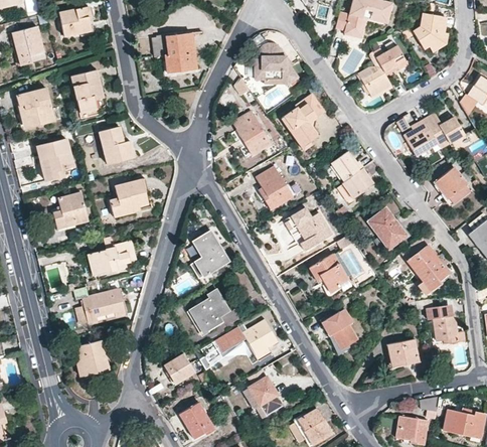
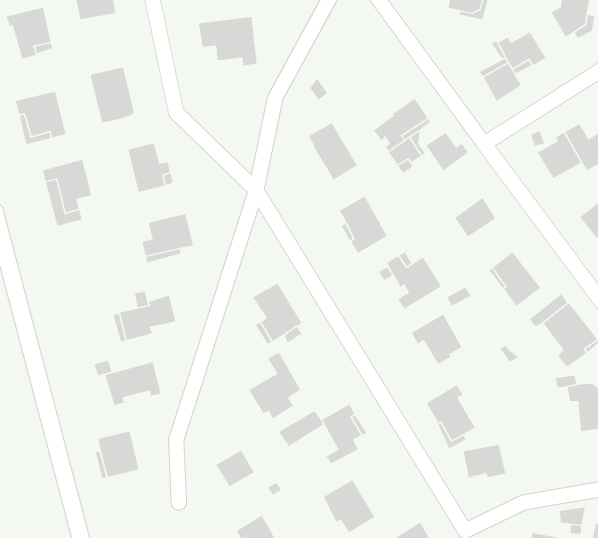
building: [255,41,299,86] -> none
building: [331,152,363,181] -> [425,132,469,171]
building: [52,192,89,230] -> none
building: [387,339,420,364] -> [463,444,506,478]

